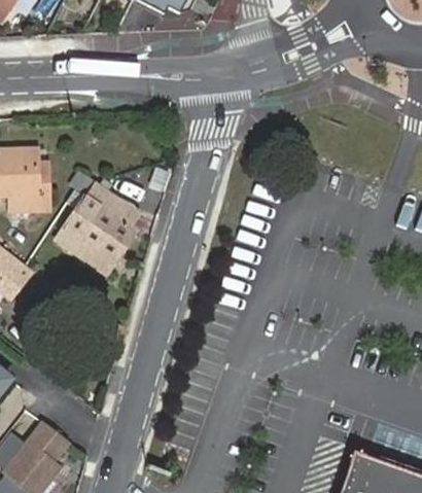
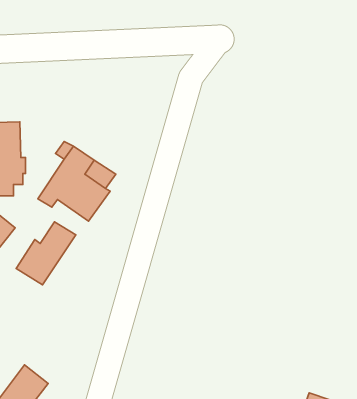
building: none -> [16,222,76,285]

